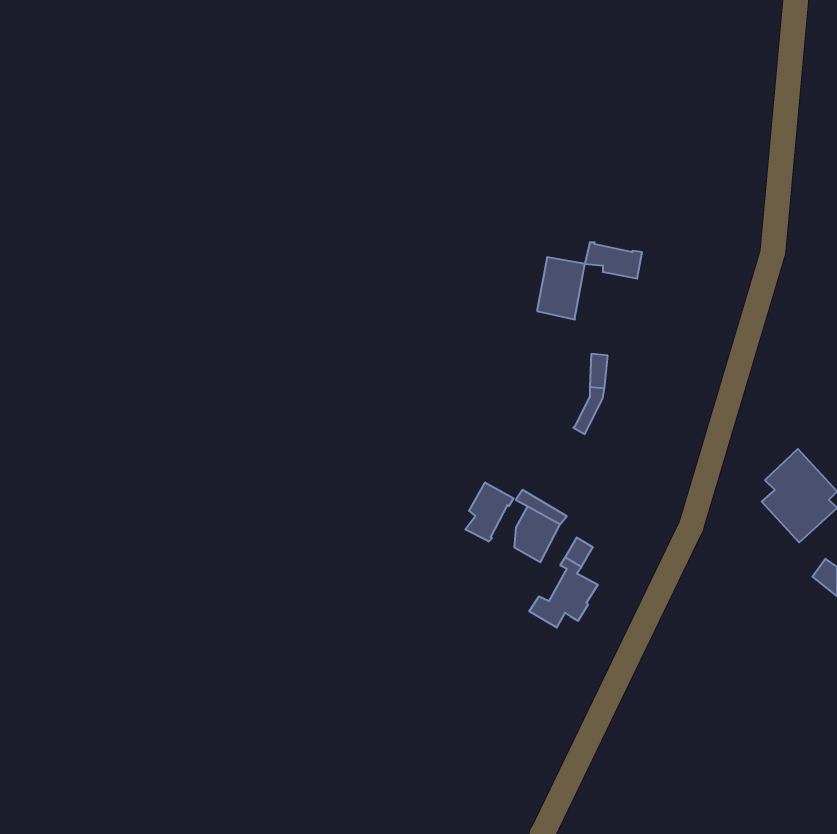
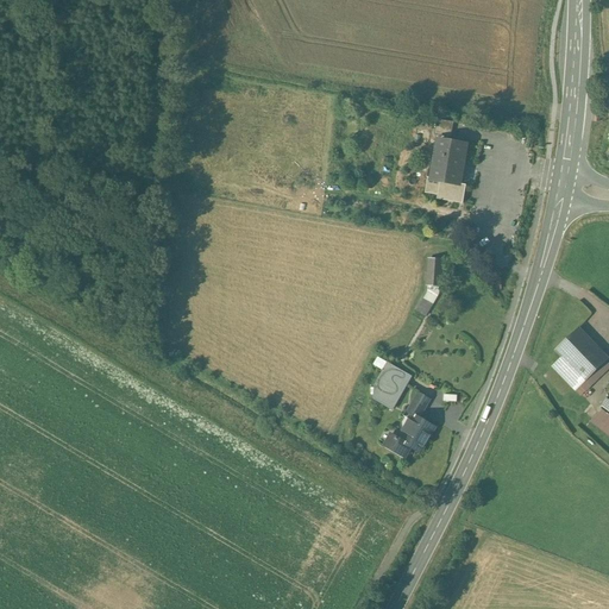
building: [537,257,585,320] -> [432,138,466,183]
building: [465,482,514,542] -> none

